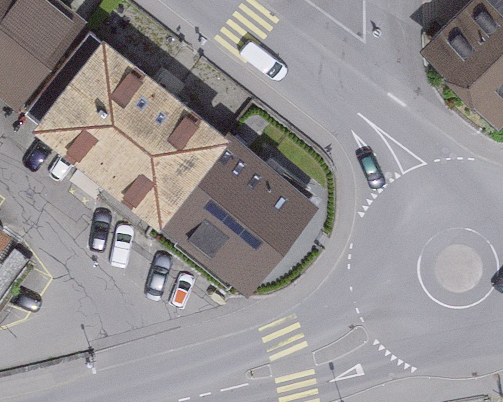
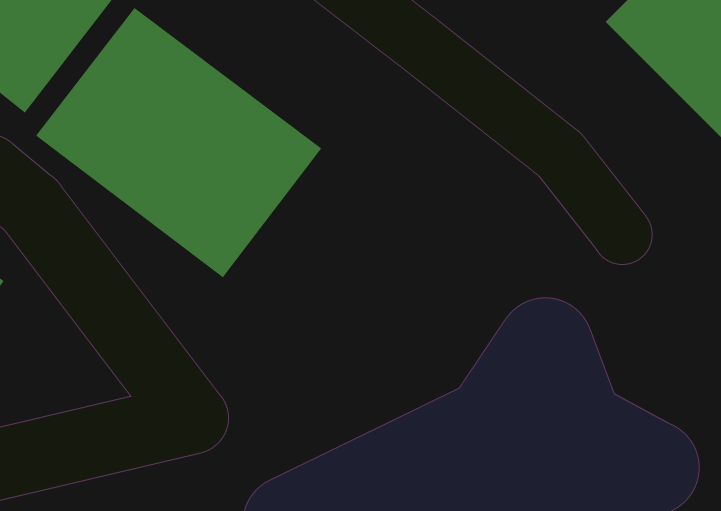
building: [158,137,314,293] -> none

